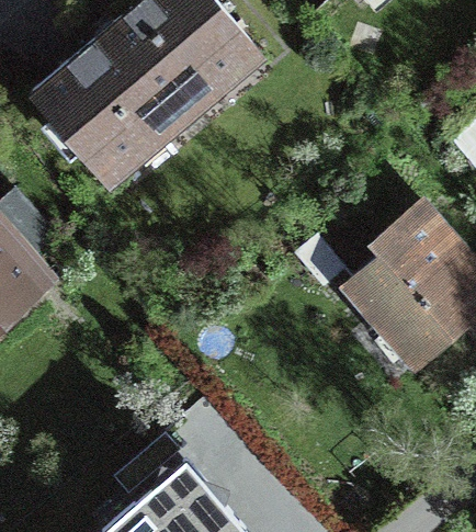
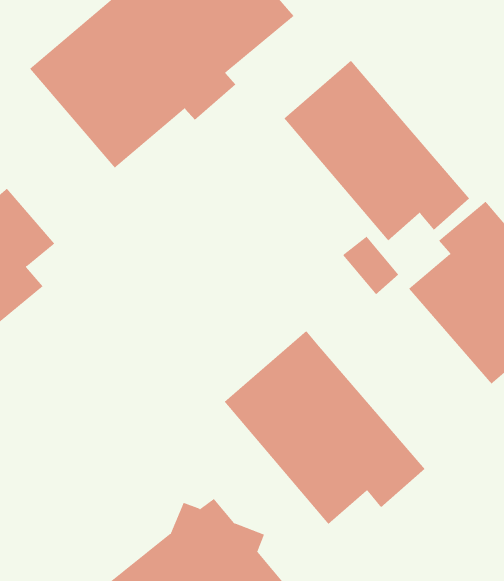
building: none -> [284,60,470,241]
building: none -> [224,330,425,525]

